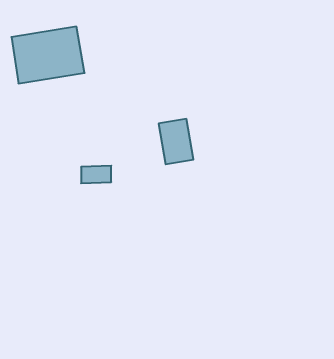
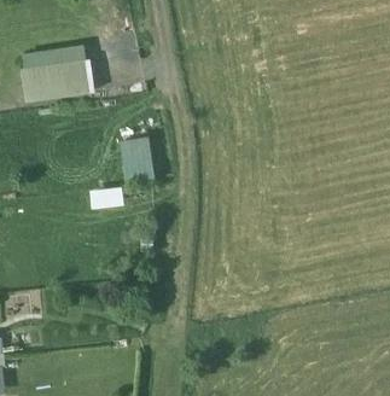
building: [159,119,193,164] -> [120,135,156,182]

